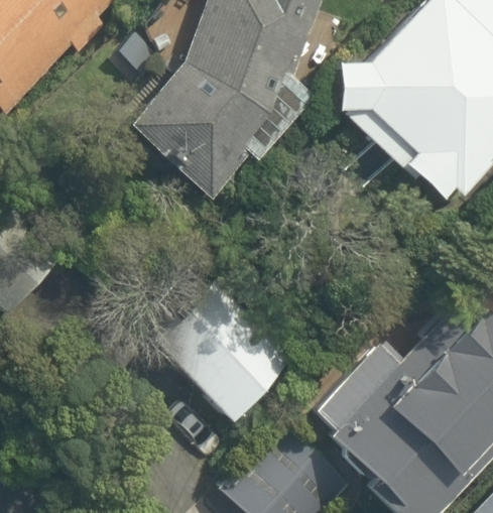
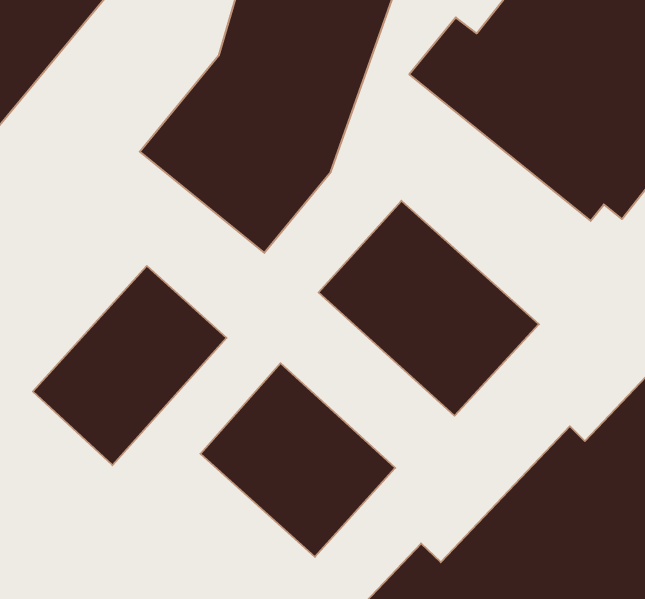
building: none -> [319,201,539,416]
building: none -> [33,266,227,465]

